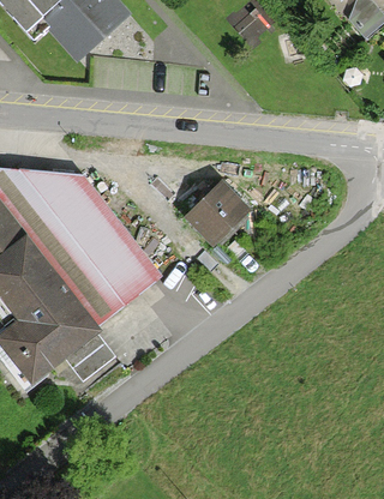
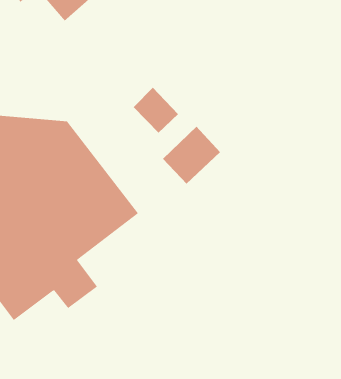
building: none -> [133,87,179,134]

